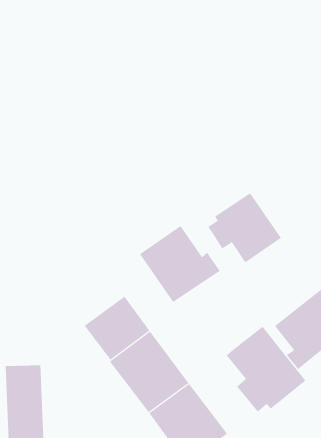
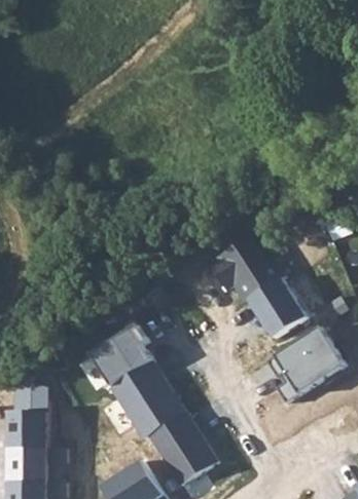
building: [139,225,220,303] -> none
building: none -> [252,280,303,336]
building: [226,326,306,413] -> none

